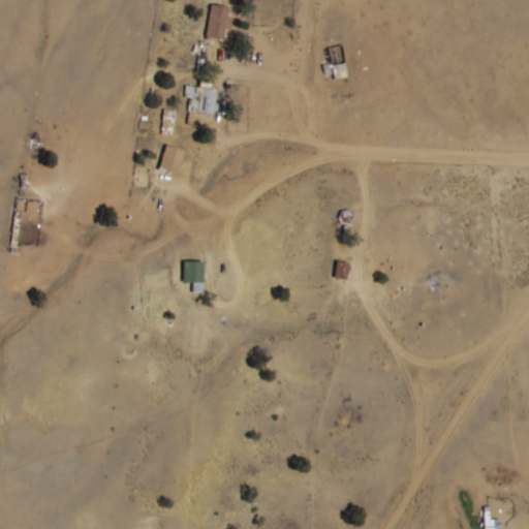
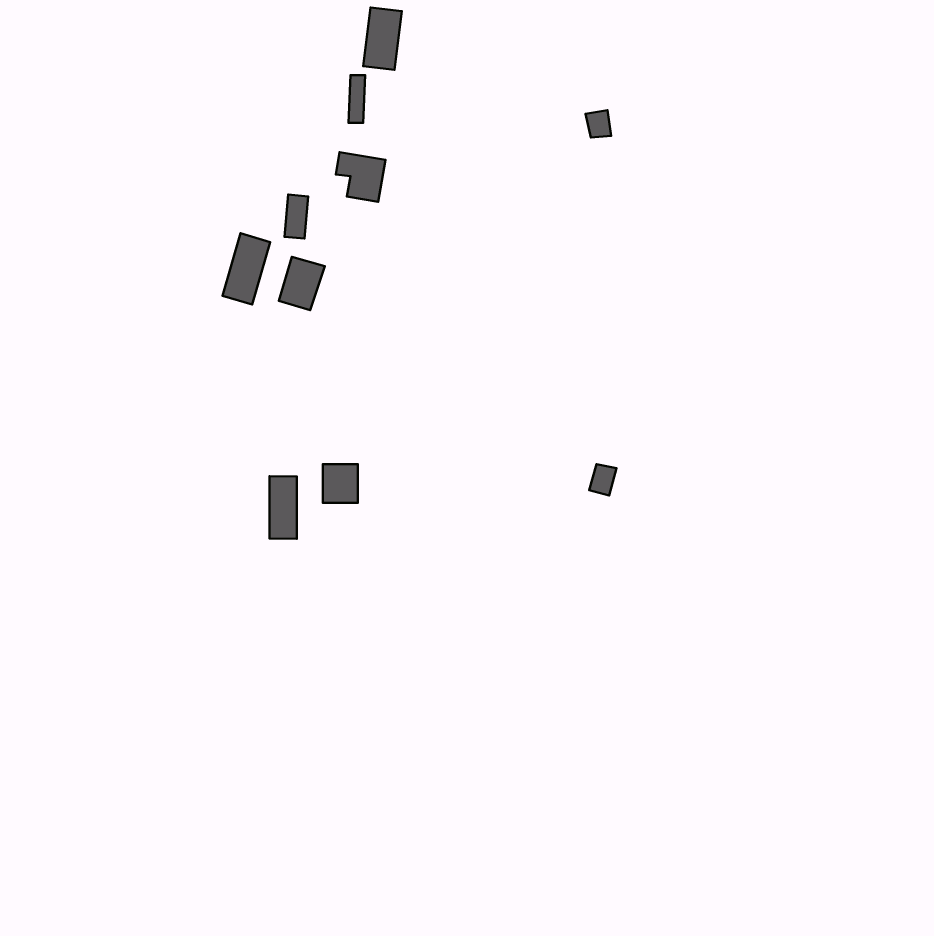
building: none -> [222,233,270,305]
building: none -> [270,476,297,539]

